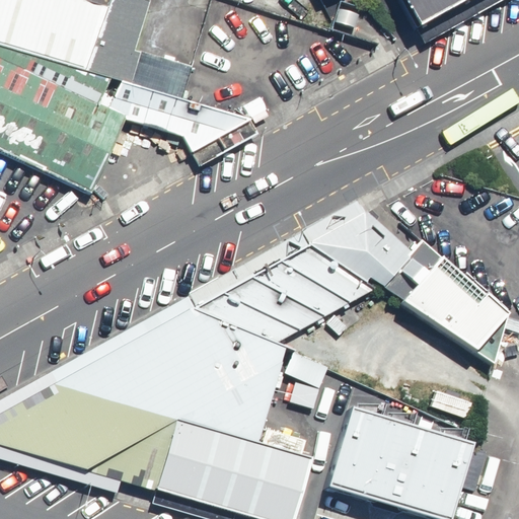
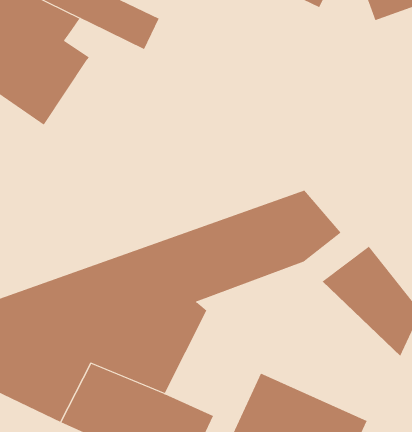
building: [97,78,249,150] -> none

